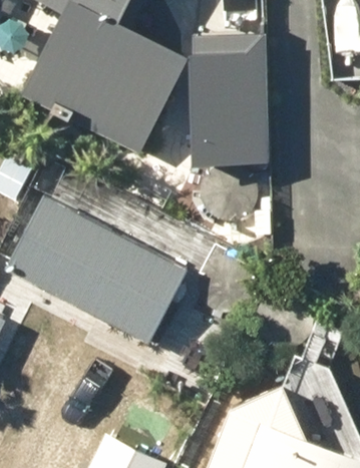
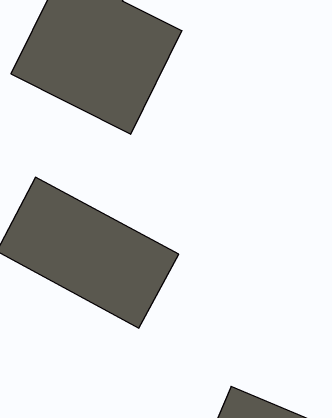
building: [190,28,268,157] -> none

